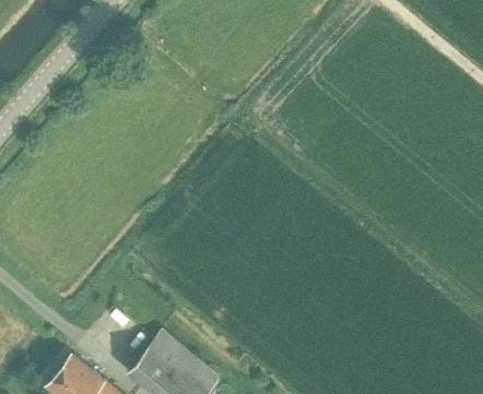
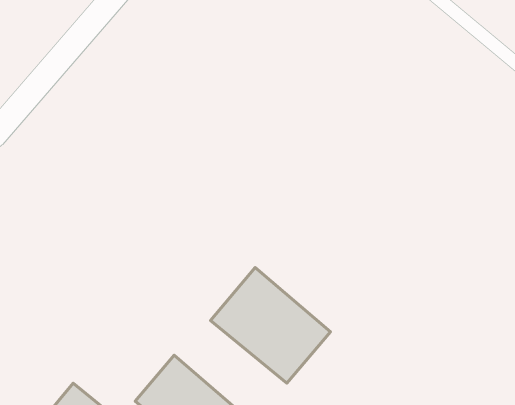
building: none -> [211,268,330,383]

